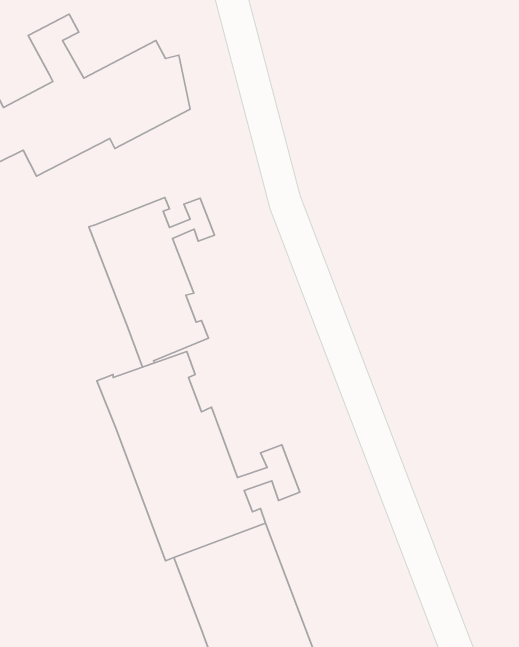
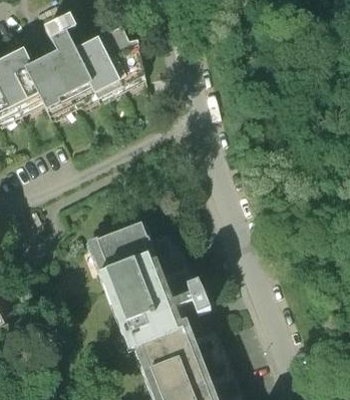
building: [89,198,214,367] -> none

